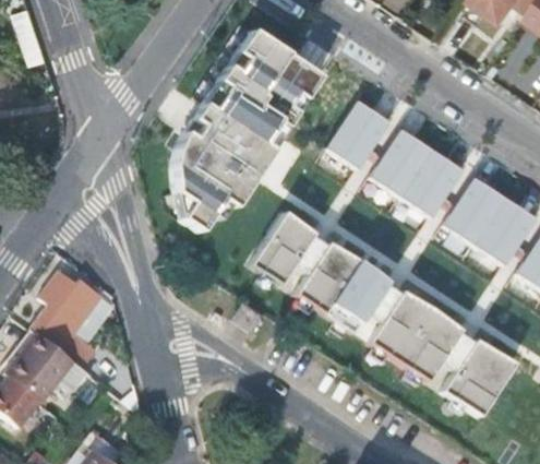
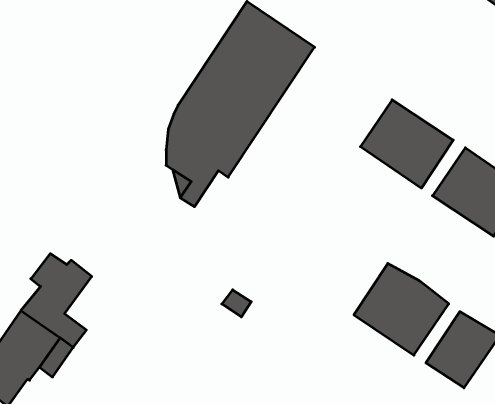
building: [328,95,392,164] -> none
building: [250,209,314,282] -> none
building: [293,240,388,332] -> none

